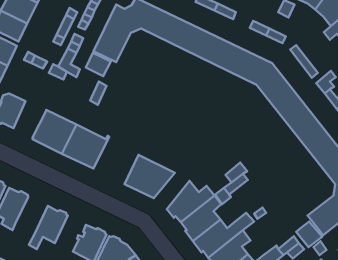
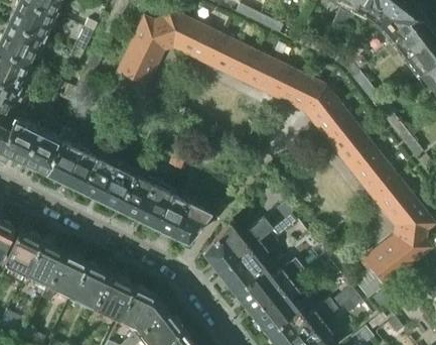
building: none -> [23,116,61,171]
building: none -> [117,170,169,226]
building: none -> [25,240,63,283]
building: none -> [71,262,108,305]

